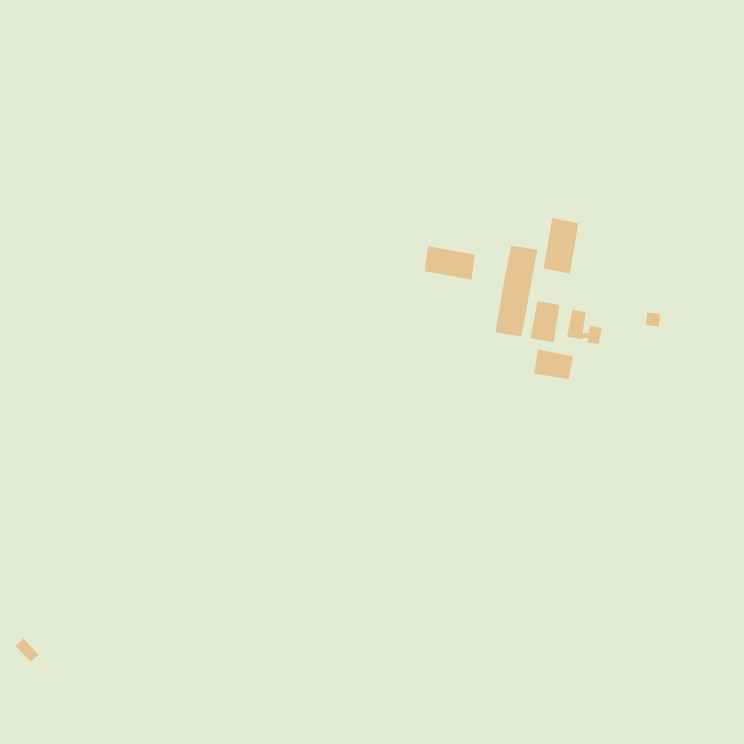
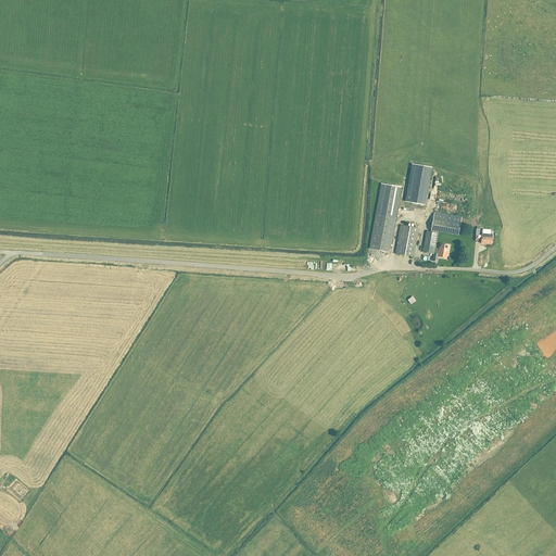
building: [424,245,476,281] -> none
building: [533,349,574,380] -> [430,211,460,233]

